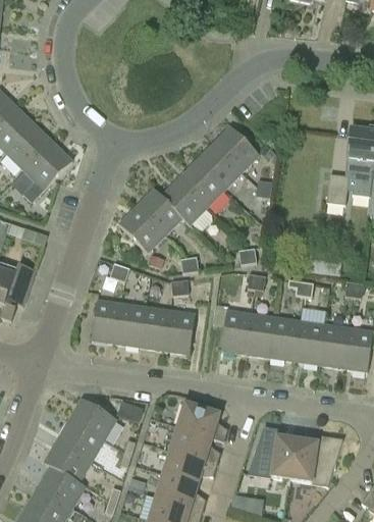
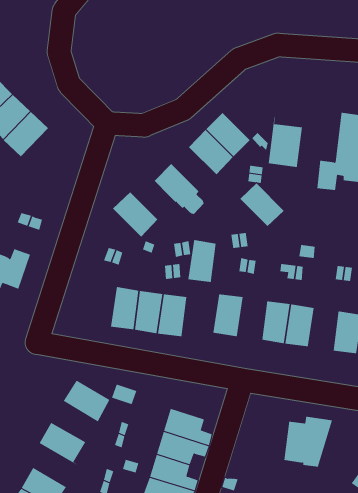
building: none -> [268,116,303,168]
building: [23,142,72,202] -> none
building: [178,161,224,206] -> [239,183,285,227]
building: [137,189,182,234] -> none
building: [91,300,122,344] -> none
building: [246,313,275,357] -> [188,239,217,283]
building: [318,324,348,368] -> none
building: [177,403,228,441] -> none
building: [56,419,104,461] -> none
building: [247,427,298,479] -> none
building: [38,462,86,507] -> none

